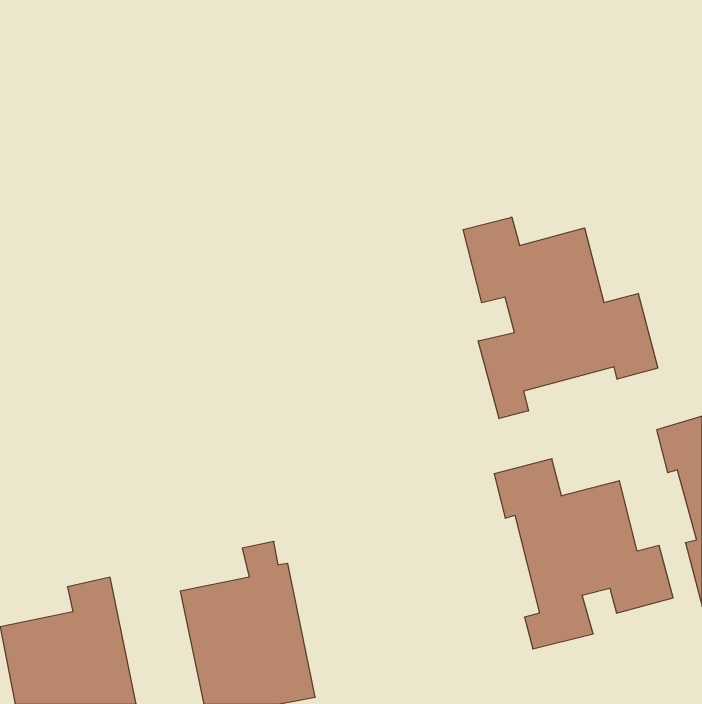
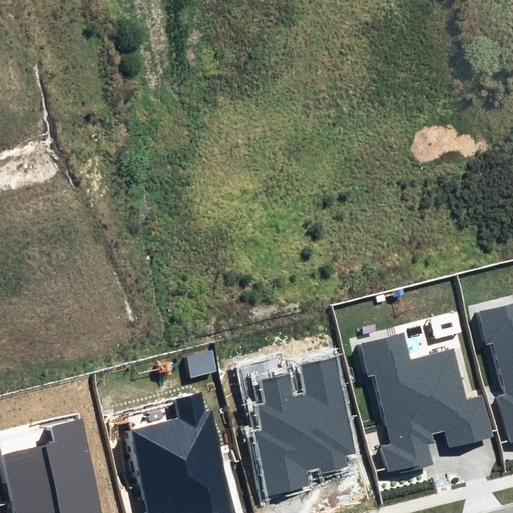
building: [463,217,658,419] -> none
building: none -> [254,356,356,494]

